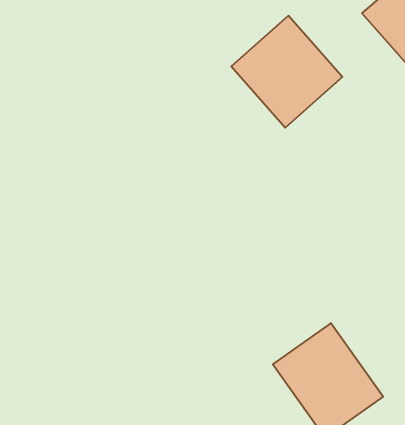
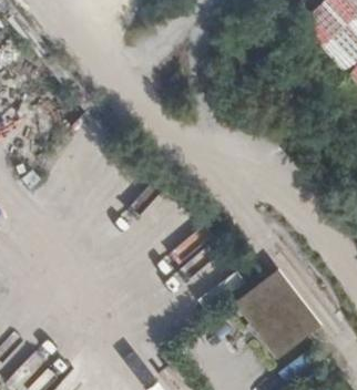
building: [231,16,342,128] -> none

